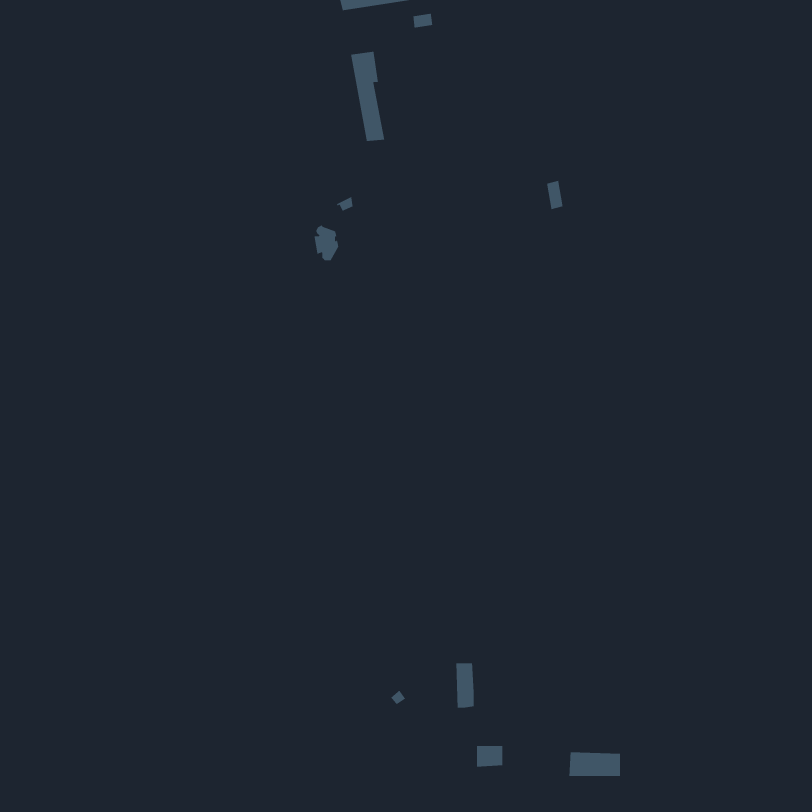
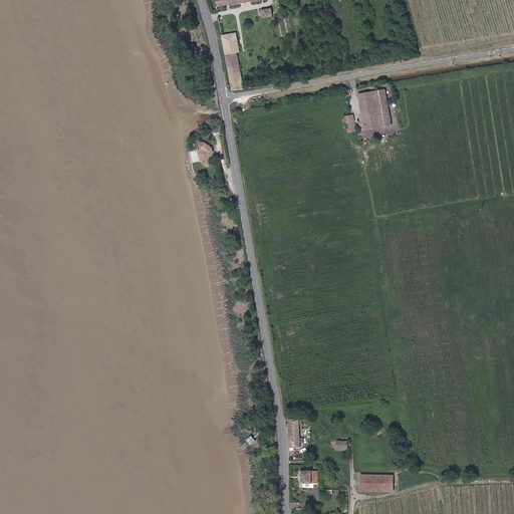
building: none -> [358,89,392,130]

